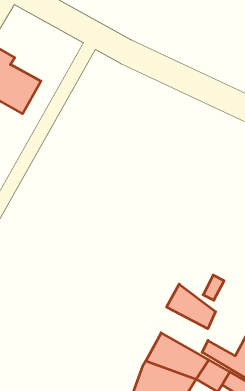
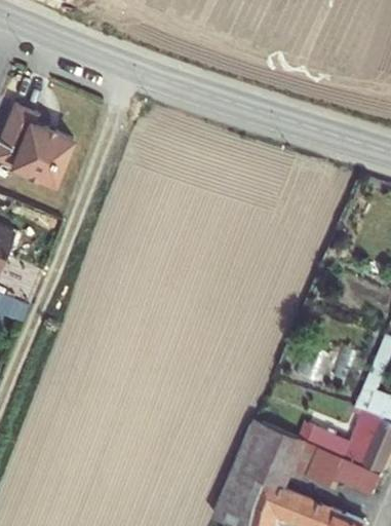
building: [167,284,216,329] -> none

